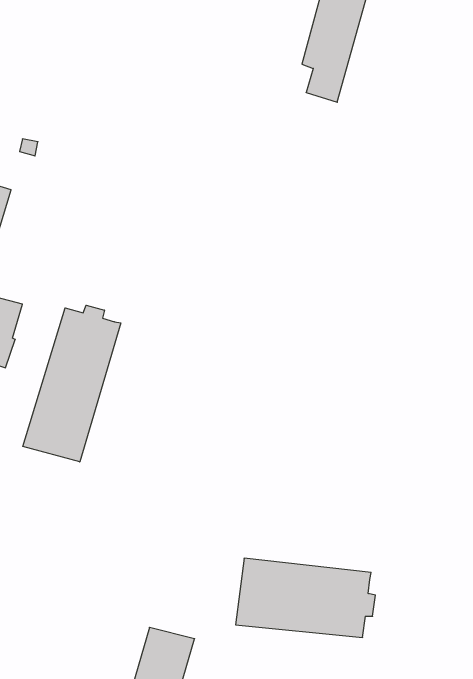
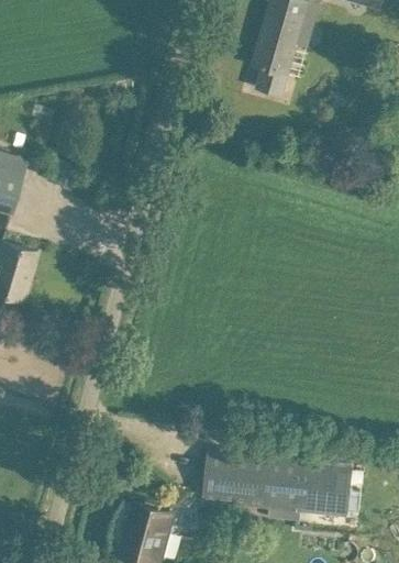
building: [23,305,121,462] -> none
building: none -> [302,462,352,516]

